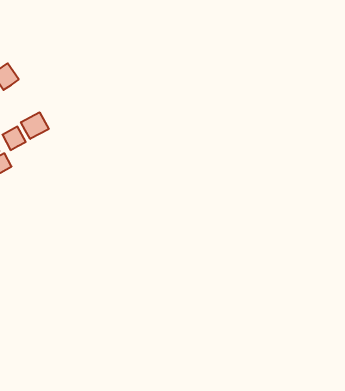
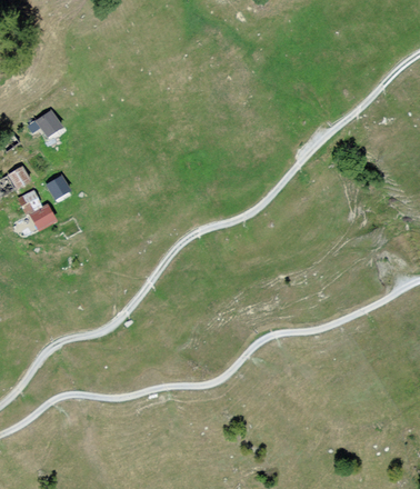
building: [21,112,49,139] -> none

